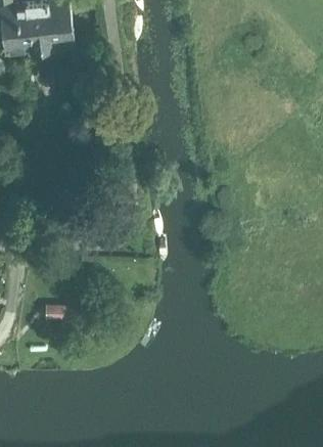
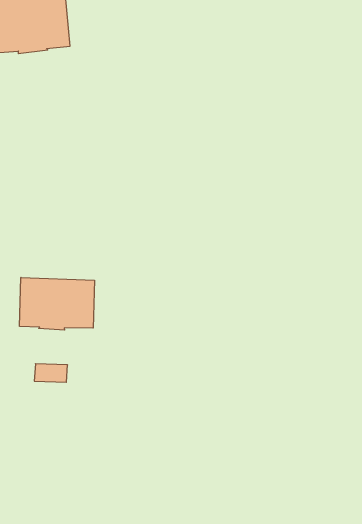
building: none -> [20,277,94,330]

